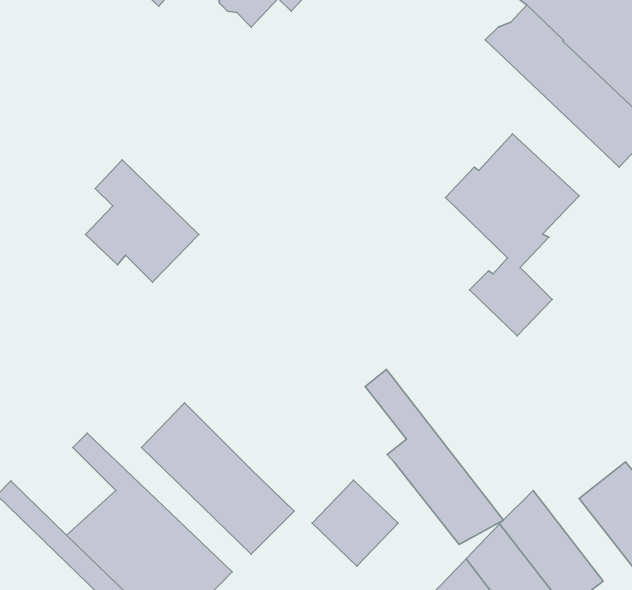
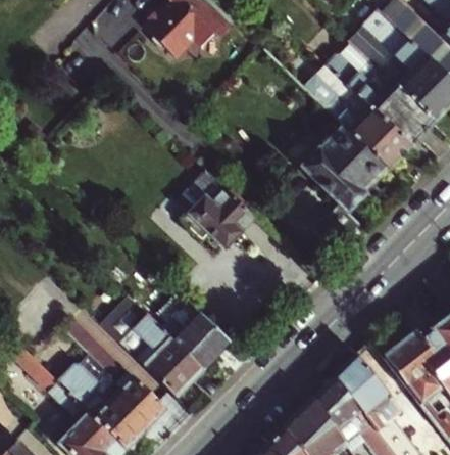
building: none -> [304,64,411,169]
building: [86,160,199,282] -> [184,169,256,247]
building: [365,370,503,544] -> none
building: [312,480,398,566] -> [174,312,230,367]

